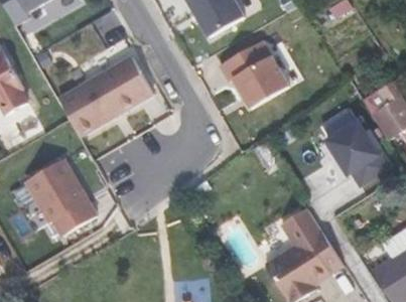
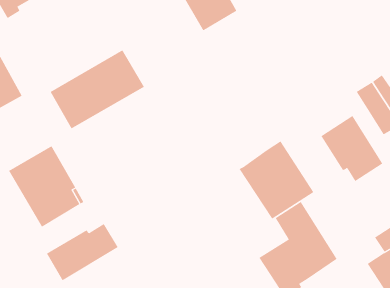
building: [219,40,288,109] -> none
building: none -> [239,141,314,220]
building: none -> [46,223,118,281]

